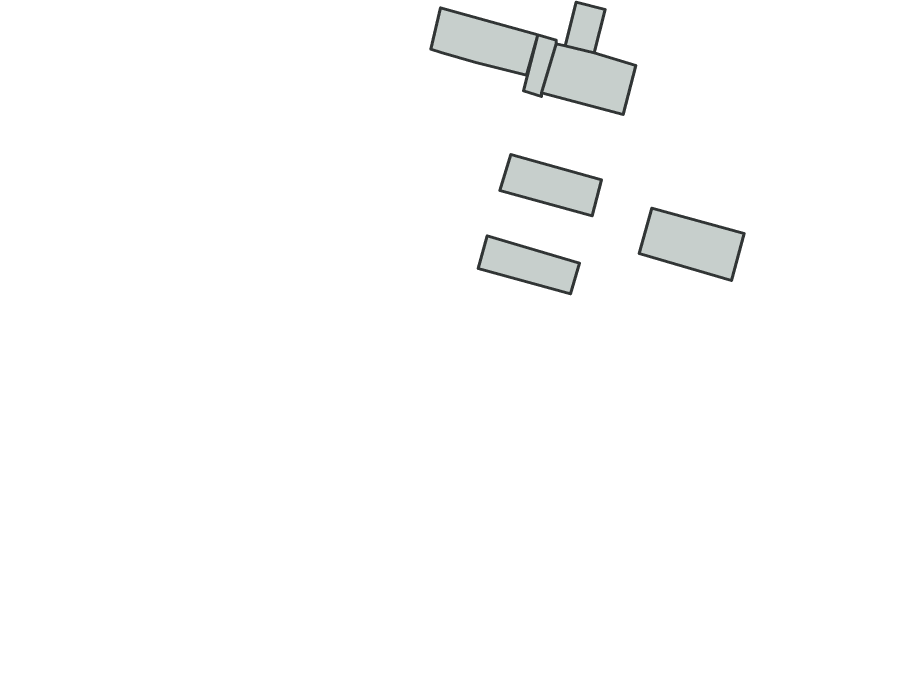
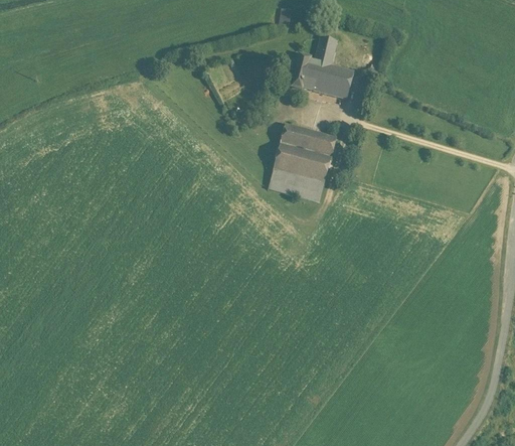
building: [431,8,538,75] -> none
building: [639,208,744,281] -> [273,143,331,183]

